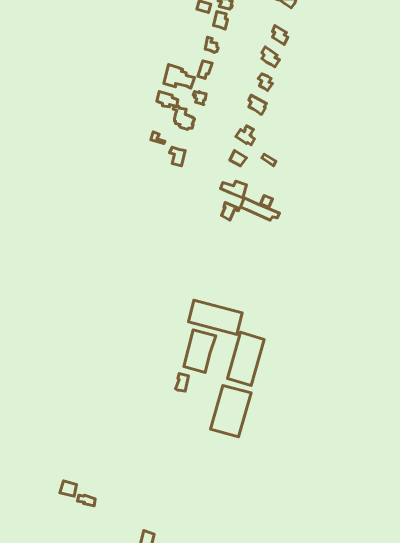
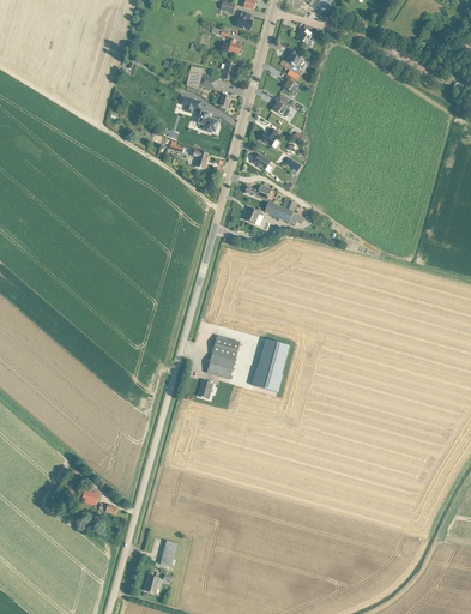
building: [188,300,242,335] -> none
building: [211,385,251,437] -> none

